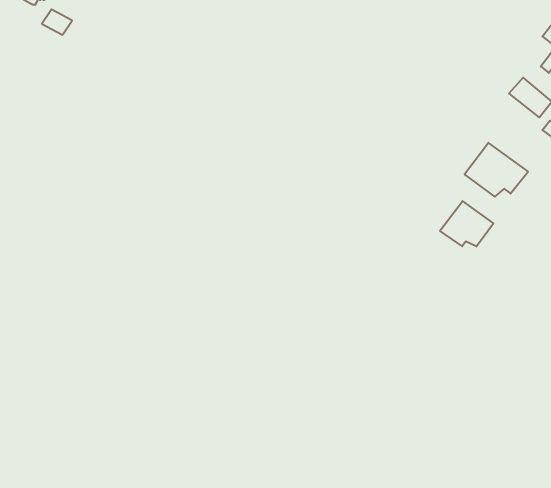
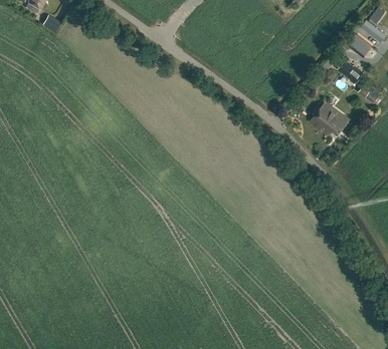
building: [440,201,493,247] -> none

